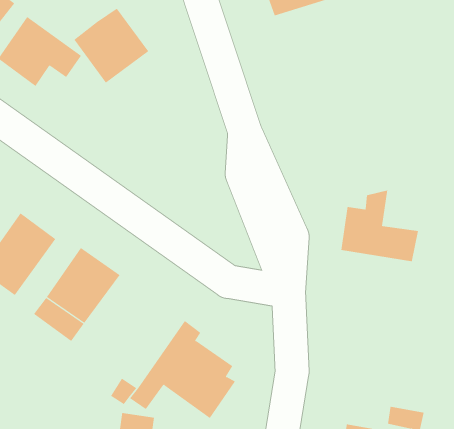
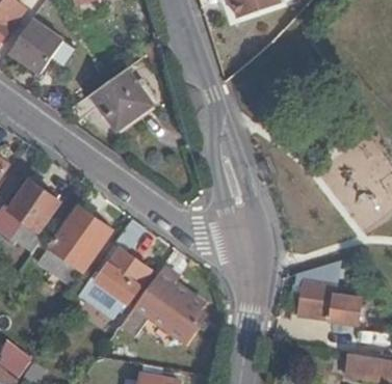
building: [73,8,149,83] -> [90,68,152,130]
building: [341,190,419,262] -> [297,266,361,324]
building: none -> [95,217,149,302]

